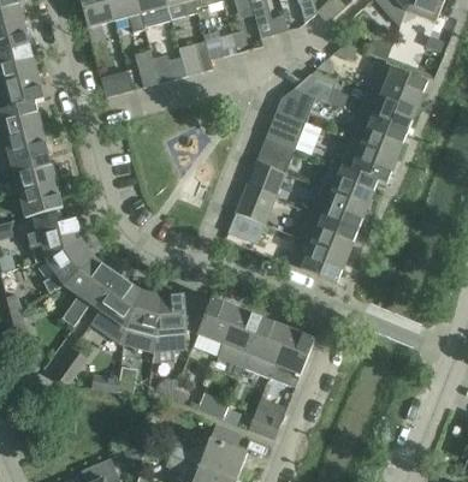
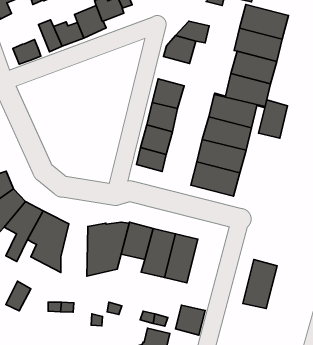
building: [266,111,321,155] -> none
building: none -> [259,100,287,138]
building: [123,291,161,355] -> none
building: [268,328,314,387] -> [243,260,277,309]

